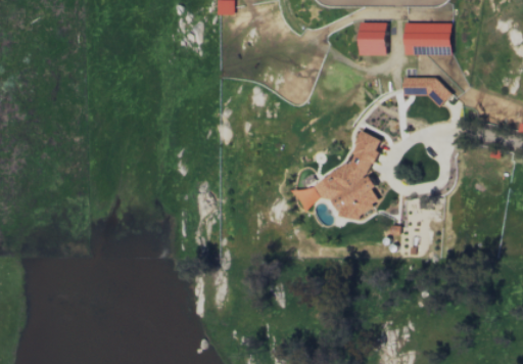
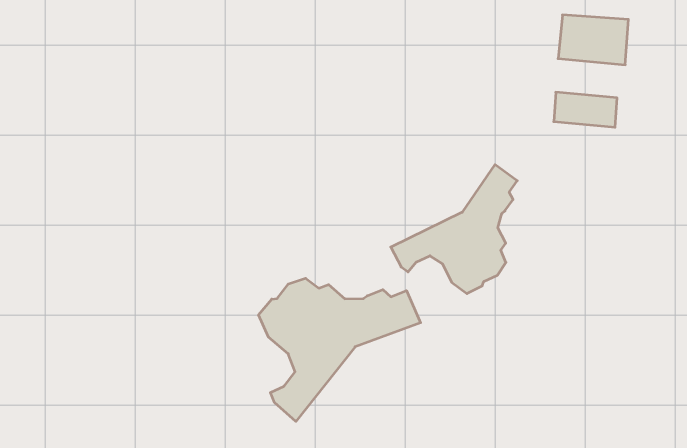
building: [360,22,386,54] -> none
building: none -> [259,278,421,421]

